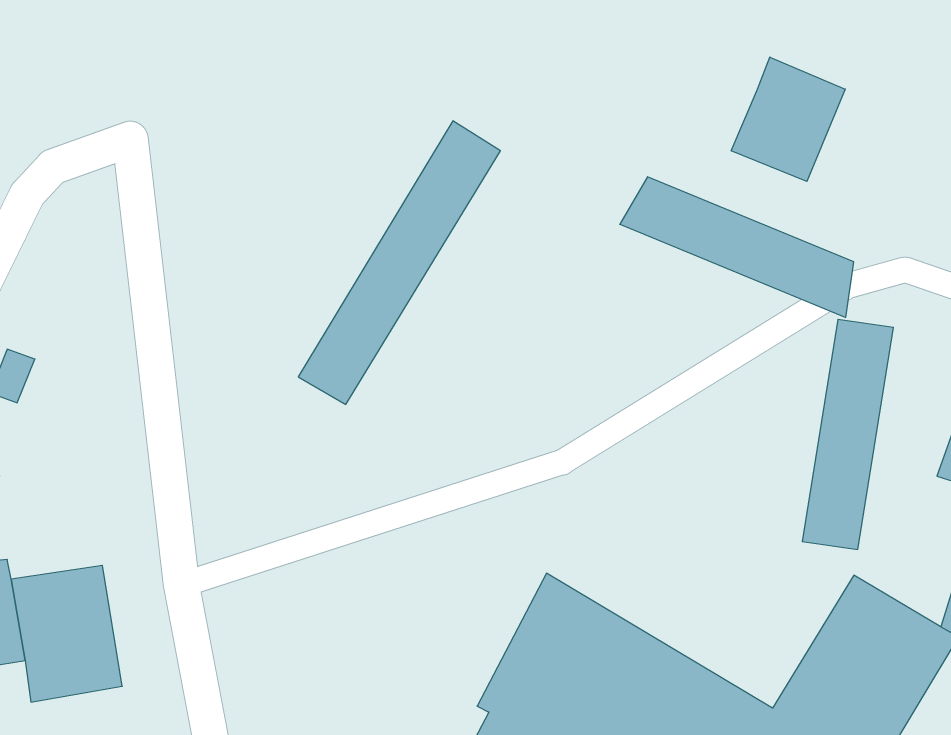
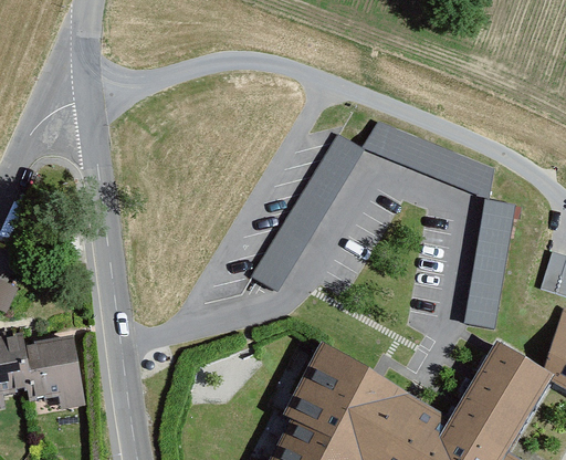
building: [731,57,845,181] -> none
building: [298,121,500,404] -> [250,135,363,293]

